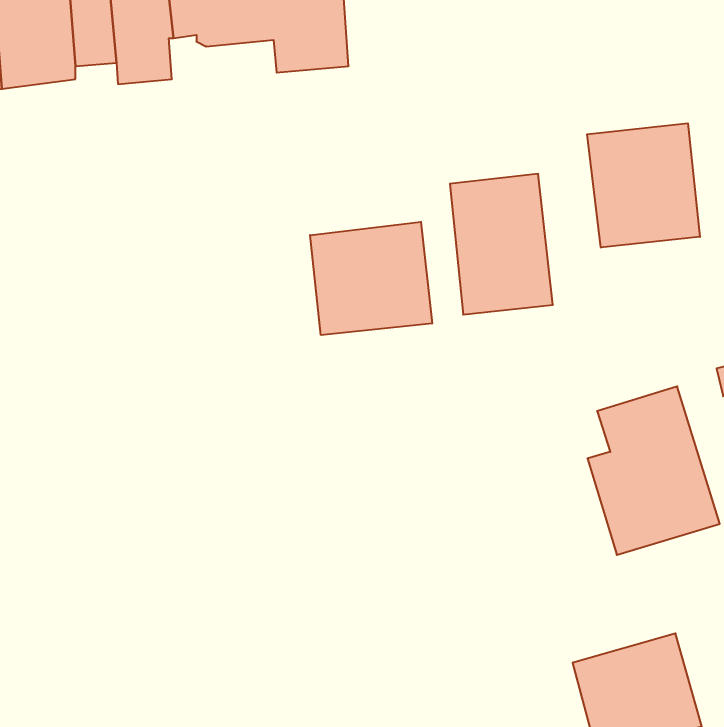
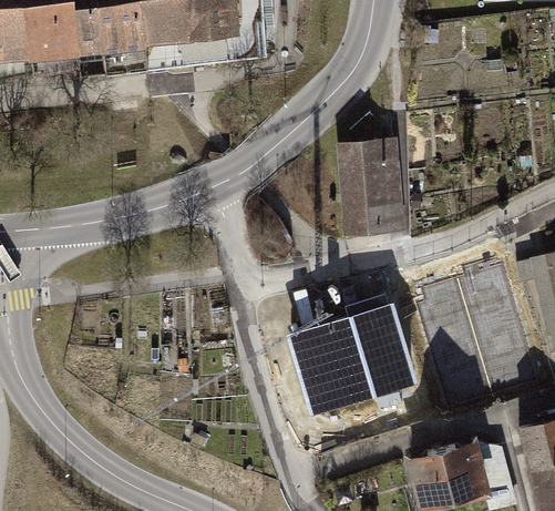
building: [587,123,700,248] -> none
building: [310,222,432,335] -> none
building: none -> [288,290,429,417]

